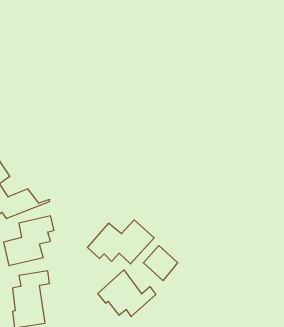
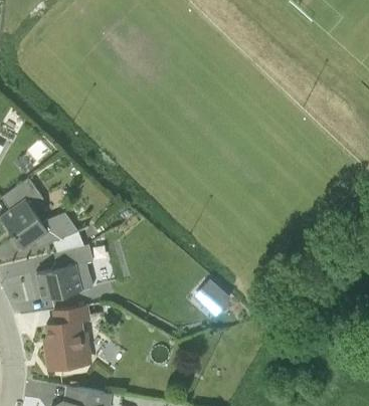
building: [87,220,154,264] -> none
building: [98,270,156,317] -> none

